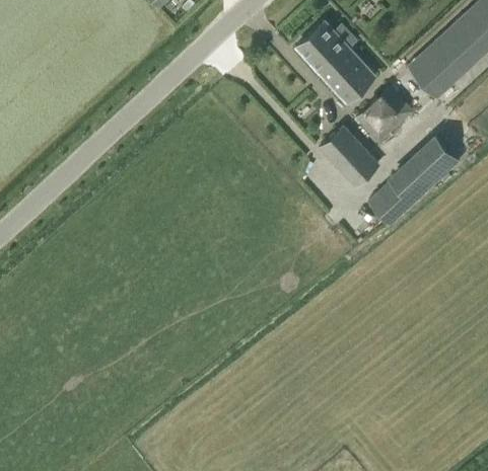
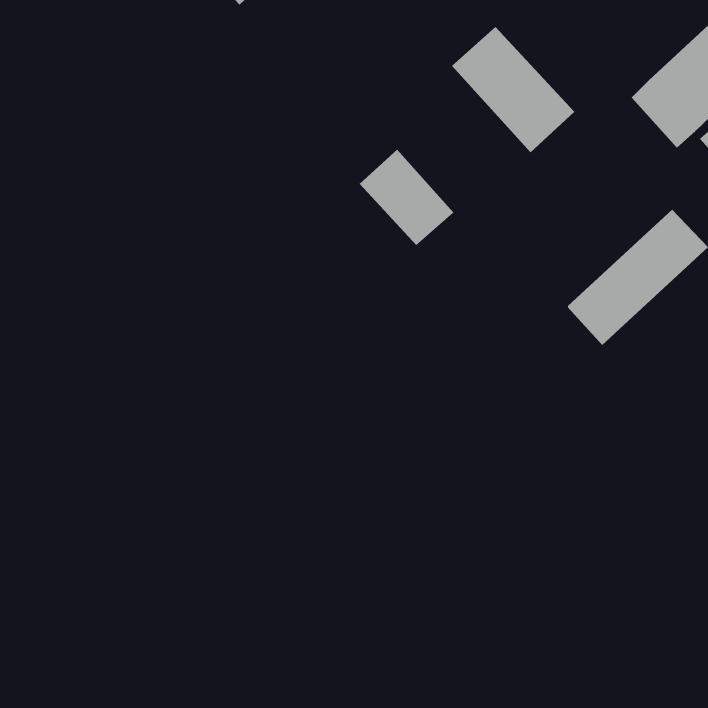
building: [356,88,412,143] -> none
building: [319,127,379,188] -> [359,149,454,246]

